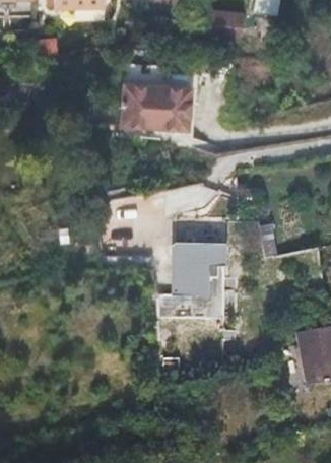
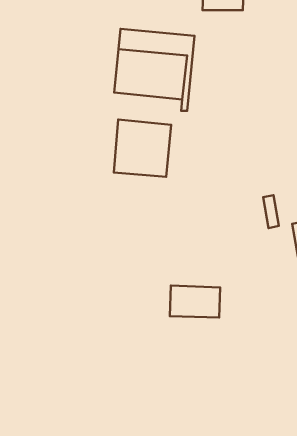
building: none -> [114,119,171,177]
building: [178,245,229,294] -> none

